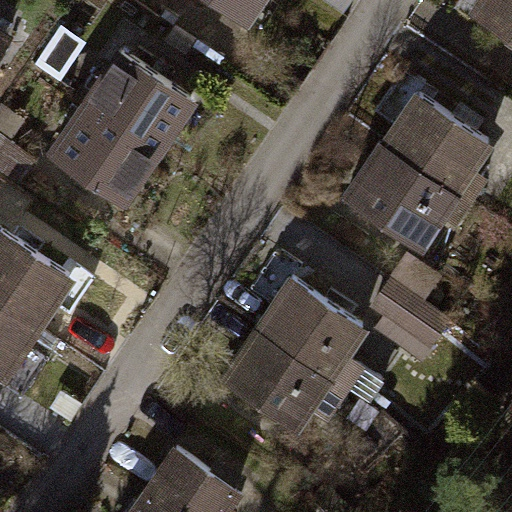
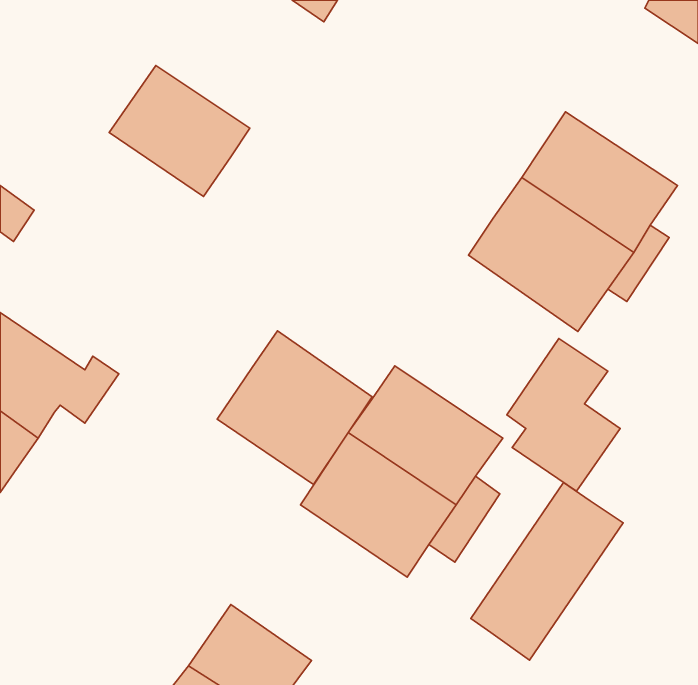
building: [46,106,149,203] -> none
building: none -> [217,331,372,485]
building: none -> [471,482,623,660]

